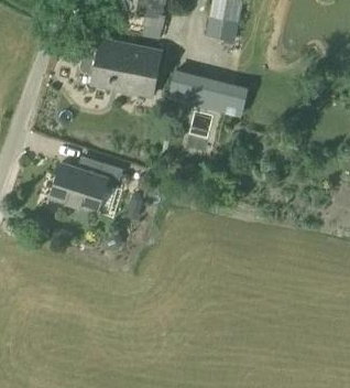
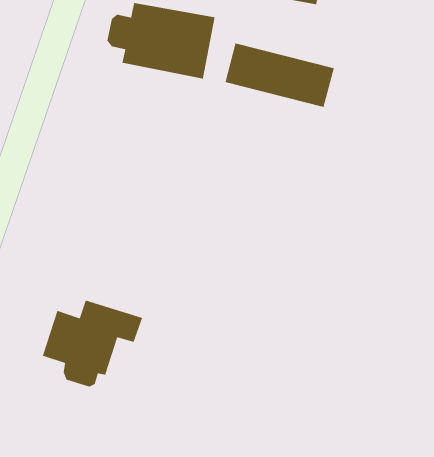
building: [50,154,124,219] -> [42,299,143,387]

